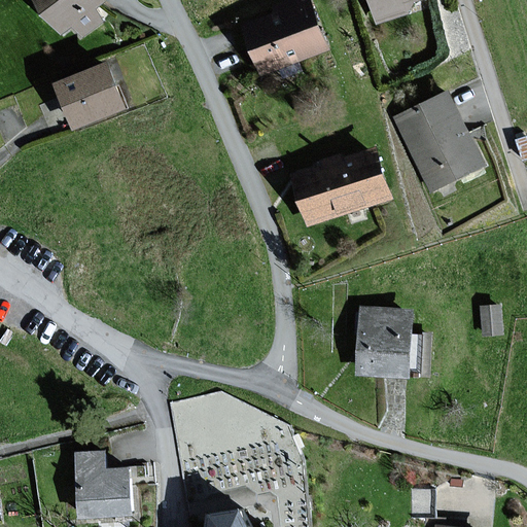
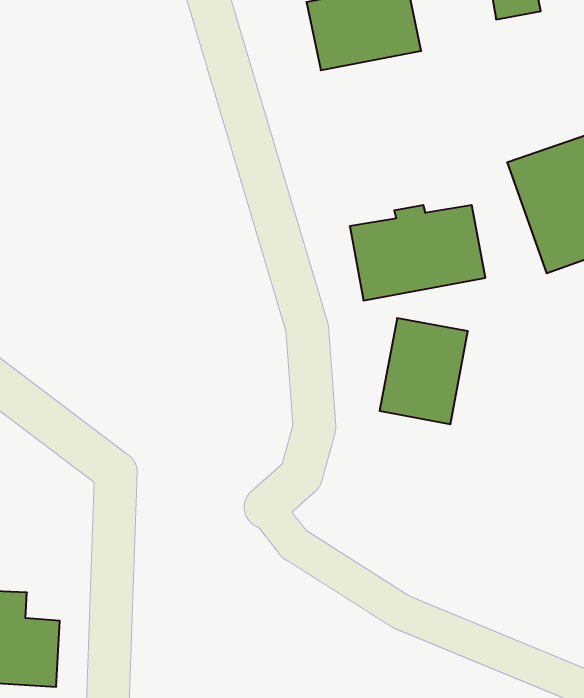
building: [55,64,121,127] -> none
building: [356,308,410,376] -> [380,318,468,424]

